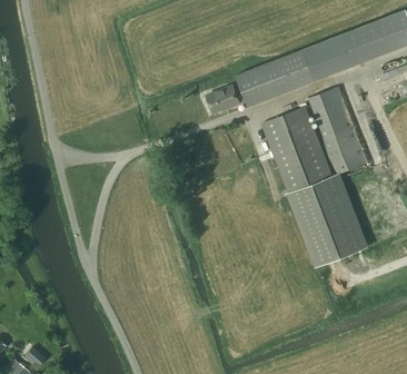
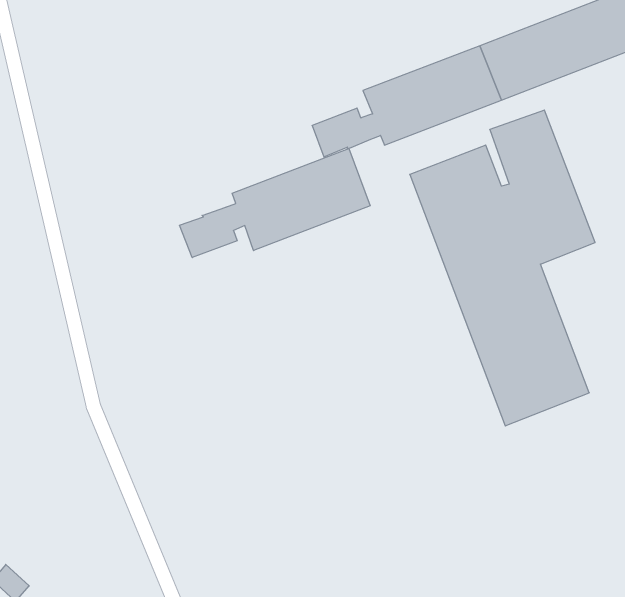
building: none -> [180,148,370,258]

